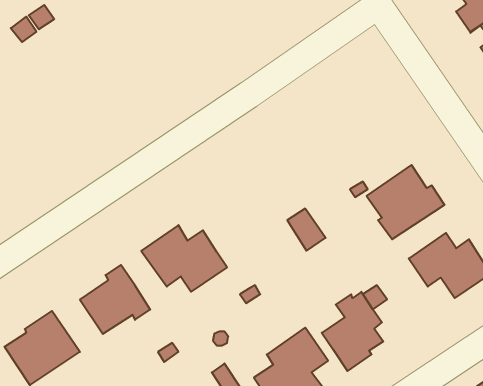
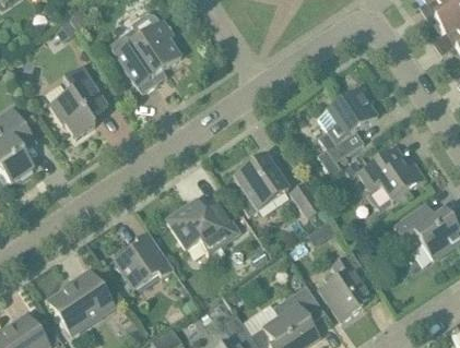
building: none -> [109,13,181,93]
building: none -> [50,67,108,137]
building: none -> [318,86,378,176]
building: none -> [234,155,288,216]

